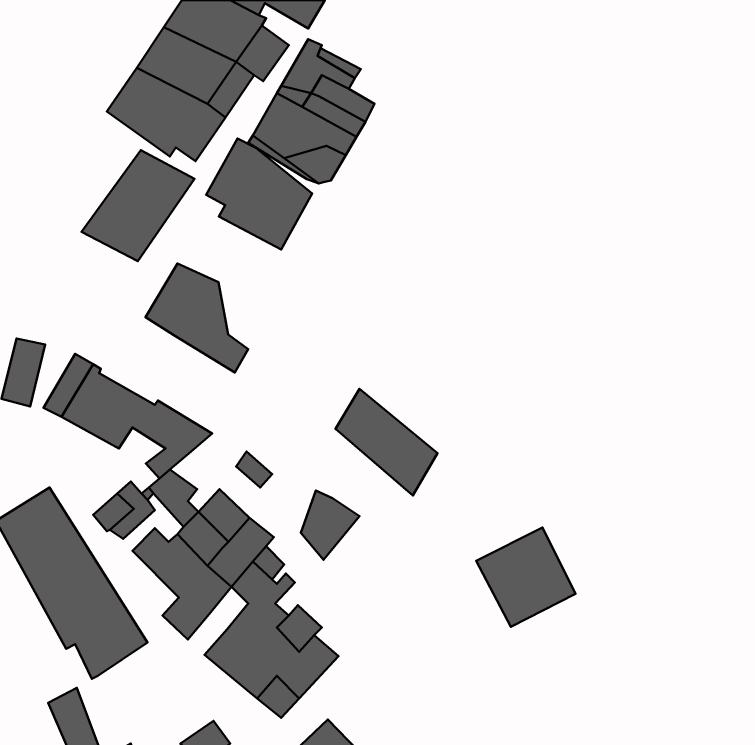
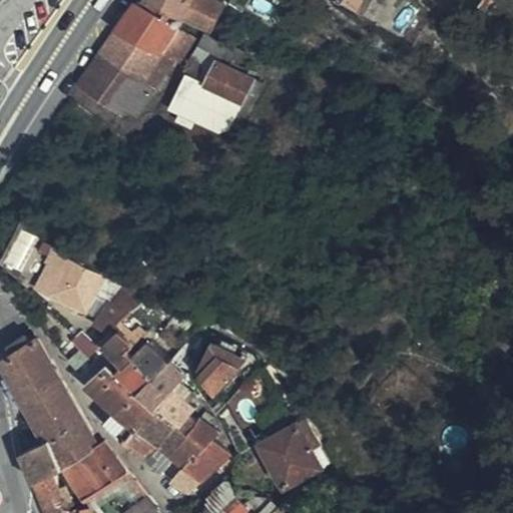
building: [206,139,312,249] -> none
building: [81,150,195,261] -> none
building: [146,264,248,372] -> none
building: [336,389,437,496] -> none
building: [476,528,576,627] -> [255,421,322,487]
building: none -> [65,442,124,498]
building: none -> [18,445,61,484]

